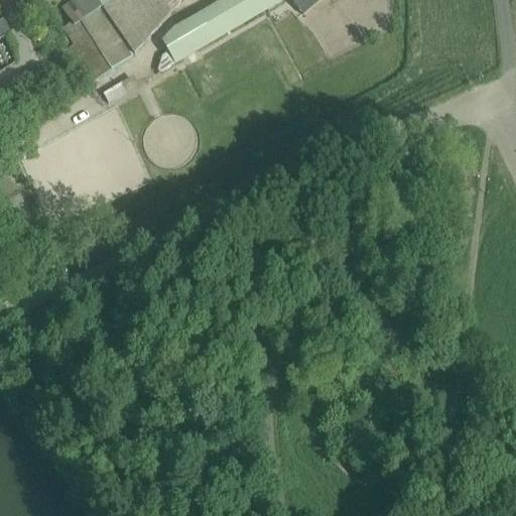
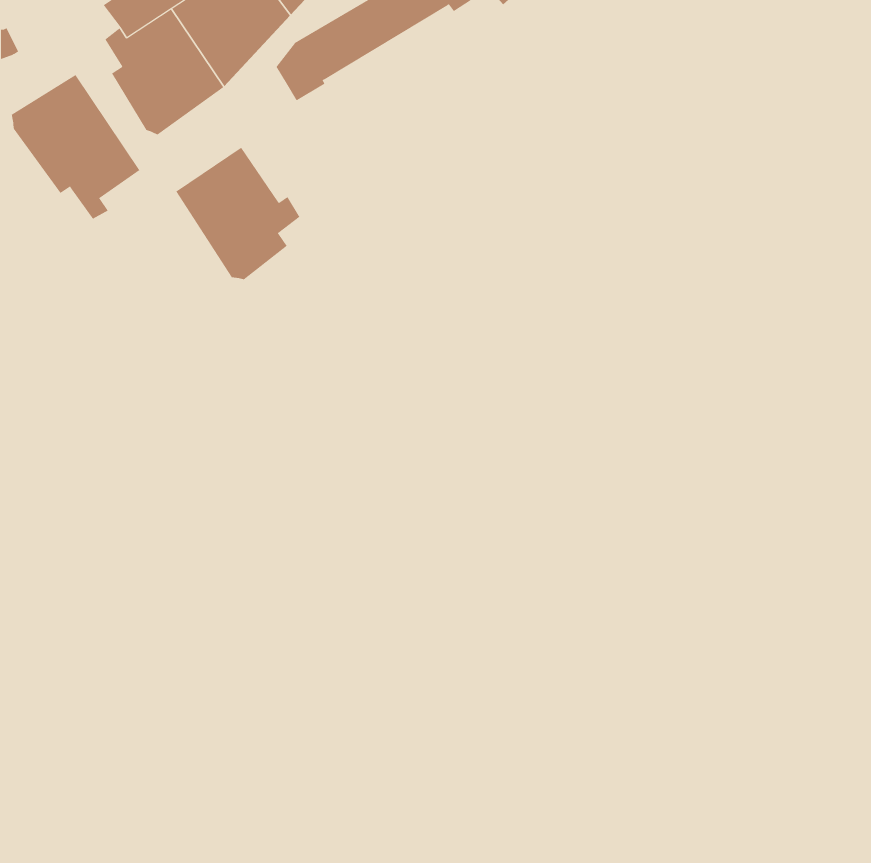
building: none -> [11,74,140,220]
building: none -> [176,147,300,280]

